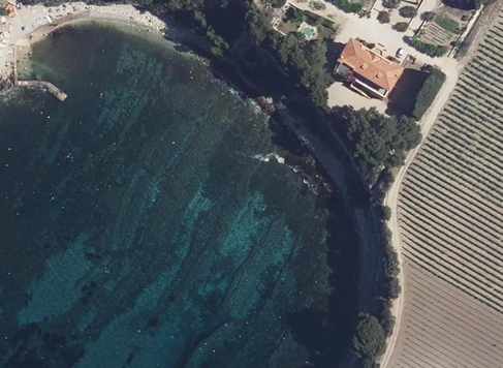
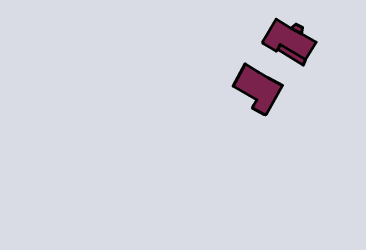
building: none -> [233,64,283,115]

